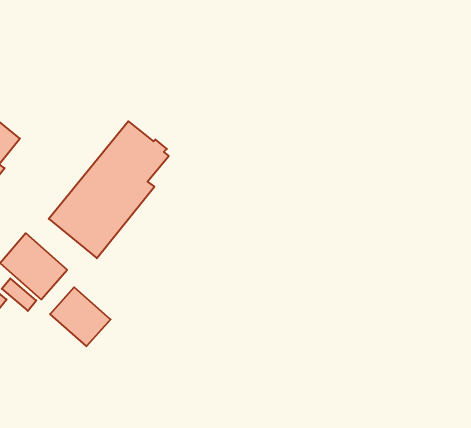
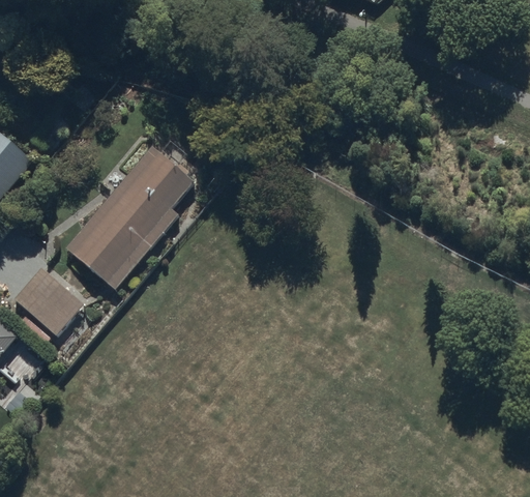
building: [50,287,111,346] -> none

